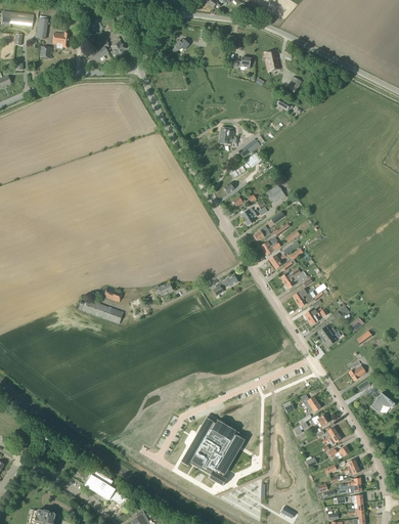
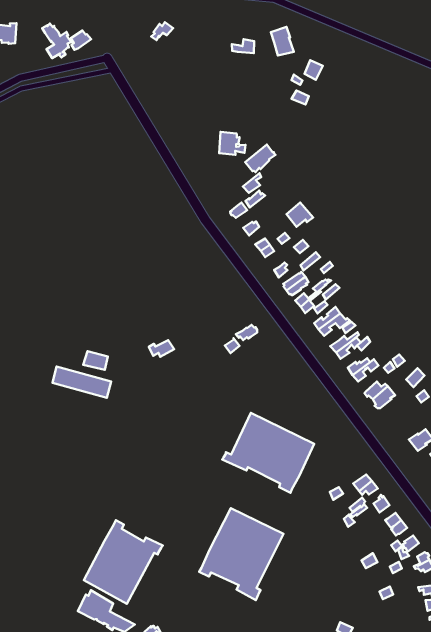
building: none -> [222,413,314,493]
building: none -> [84,520,163,604]

